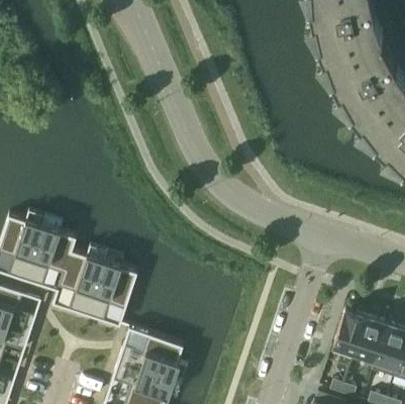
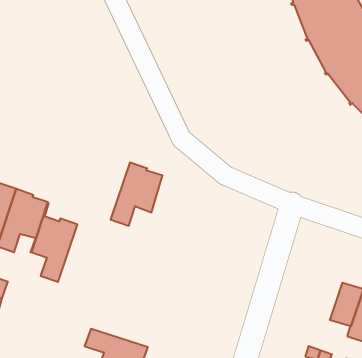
building: [86,259,137,321] -> [111,162,163,226]
building: [333,309,367,352] -> none
building: [118,333,184,380] -> none

